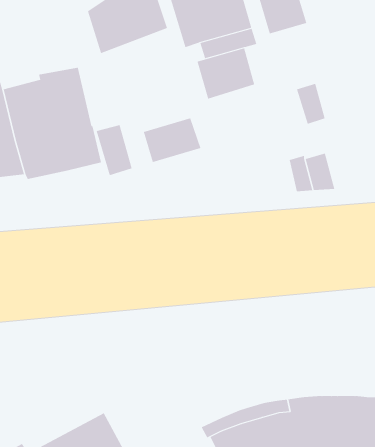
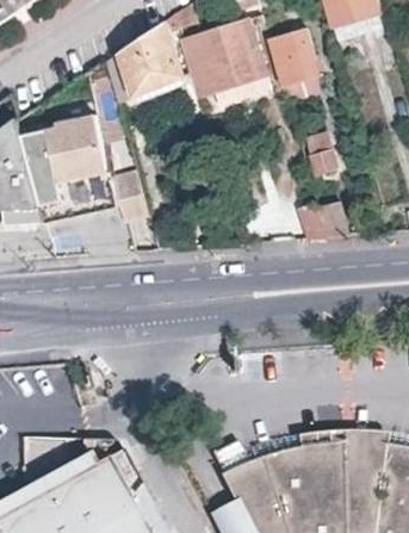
building: [197,48,255,99] -> none
building: [143,118,201,163] -> none

